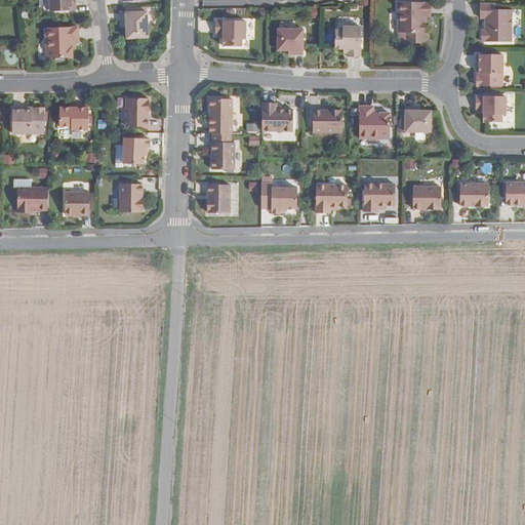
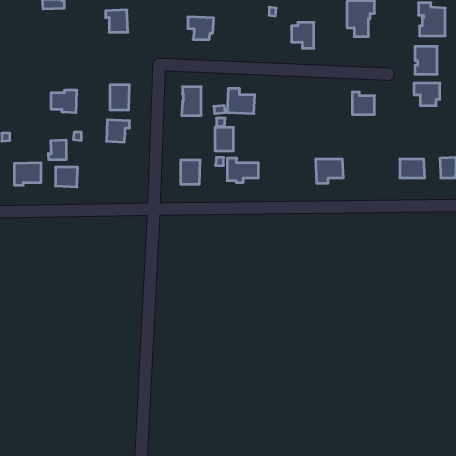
building: [45,26,77,57] -> none
building: [277,28,302,53] -> none
building: [358,106,389,137] -> none
building: [11,107,43,132] -> none
building: [312,110,341,131] -> none
building: [211,142,233,168] -> [215,127,234,151]
building: none -> [48,140,66,160]
building: [119,183,140,211] -> none
building: [315,184,347,211] -> none
building: [411,186,440,207] -> none

